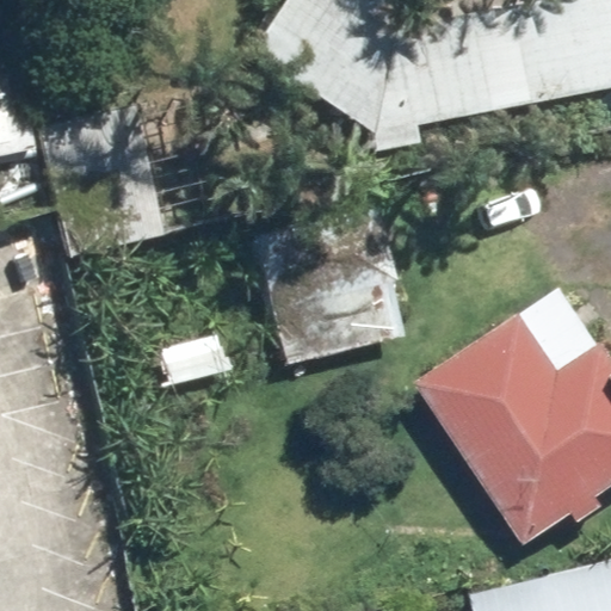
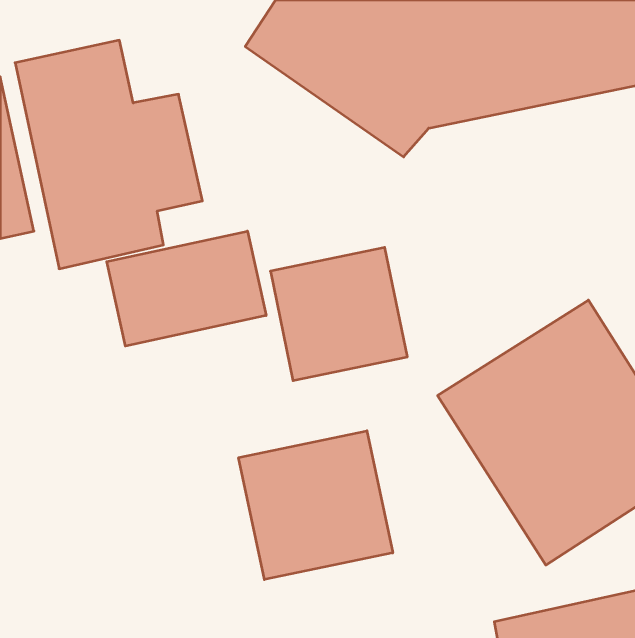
building: none -> [107,231,266,346]
building: none -> [239,431,393,580]

